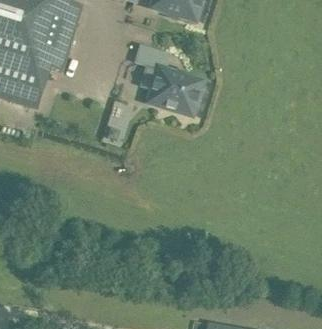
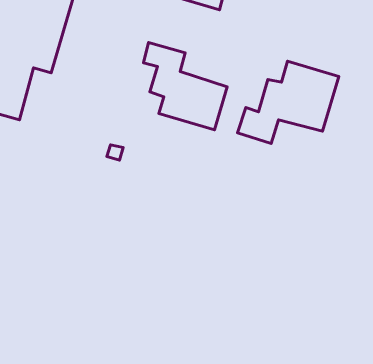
building: none -> [238,61,339,144]

